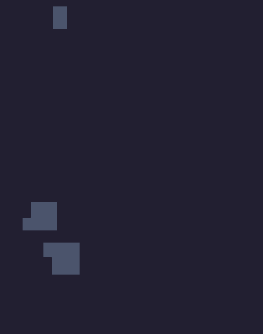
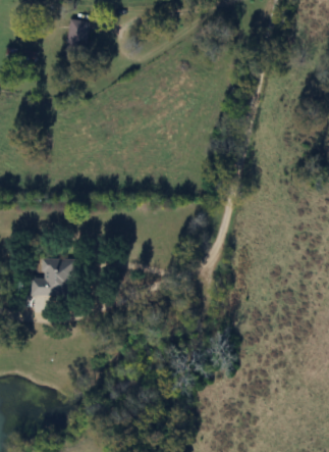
building: [42,242,80,275] -> none

